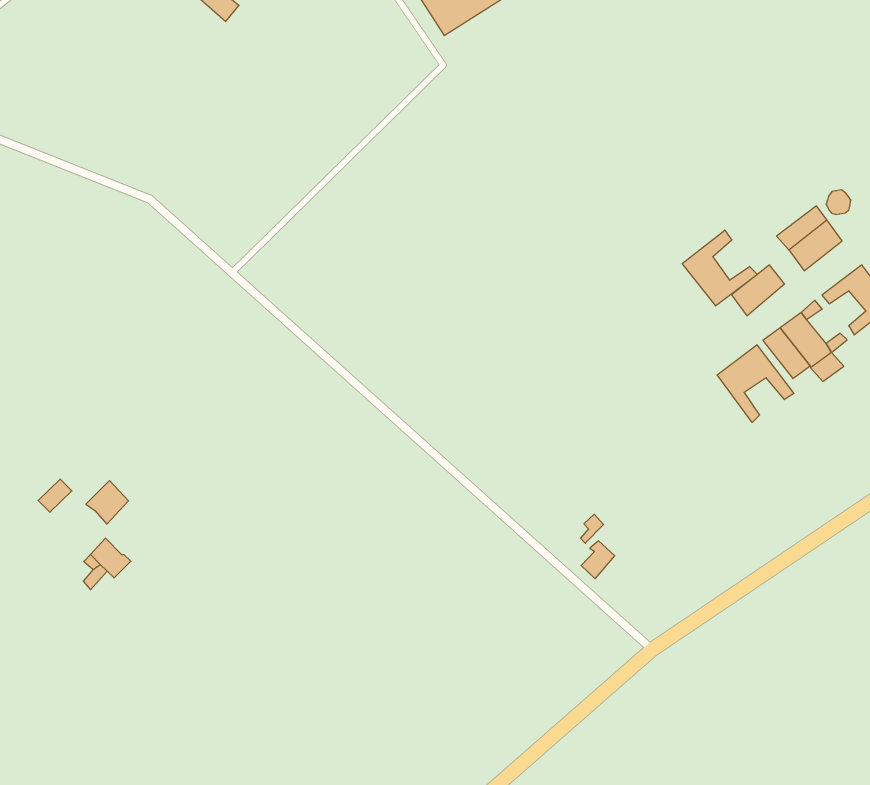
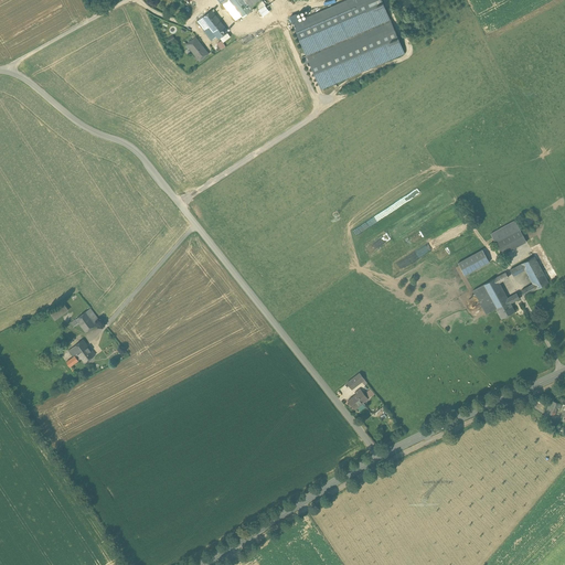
building: [682,230,757,306] -> none
building: [717,345,794,422] -> none

